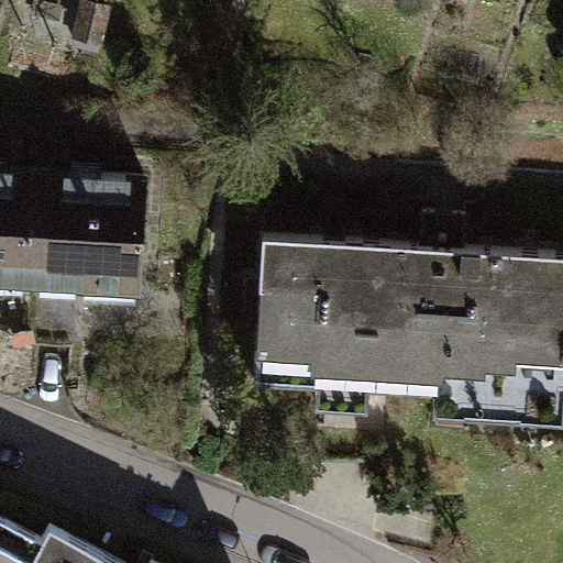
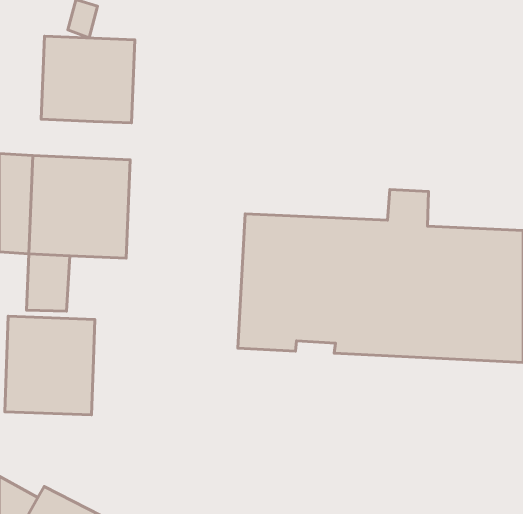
building: none -> [41,36,135,123]
building: none -> [5,316,95,415]

